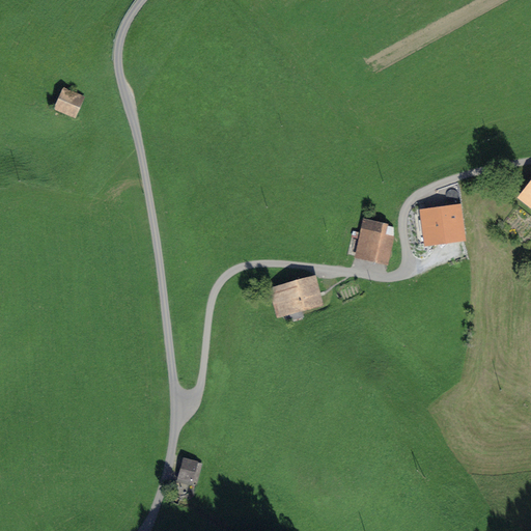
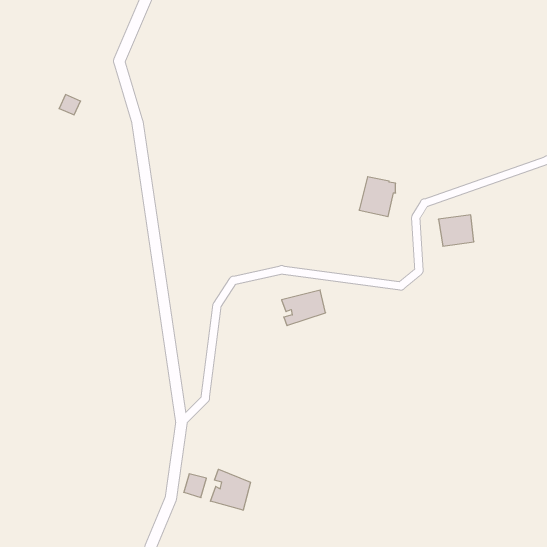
building: [356,220,391,258] -> [359,177,396,217]
building: none -> [210,469,251,510]

